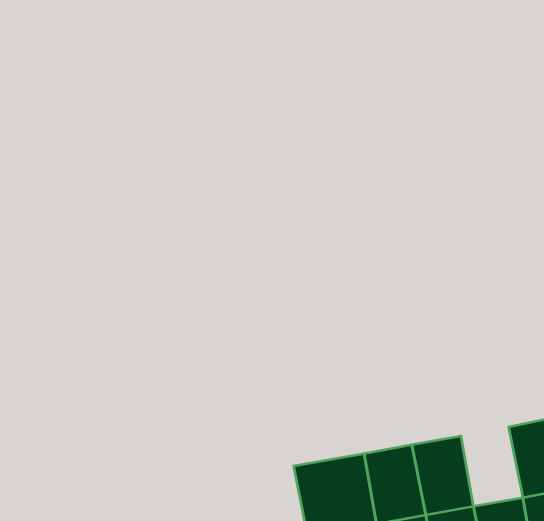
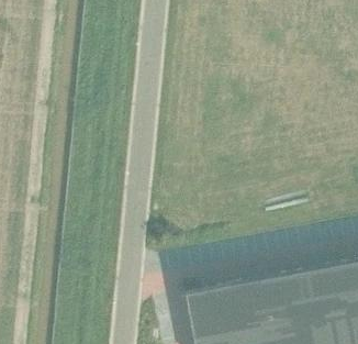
building: none -> [303,268,342,318]

